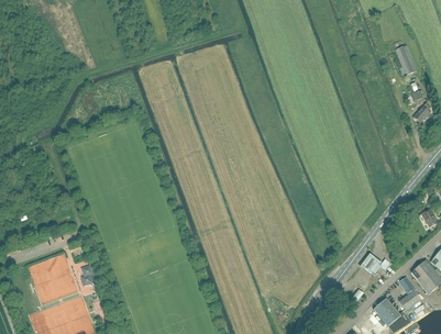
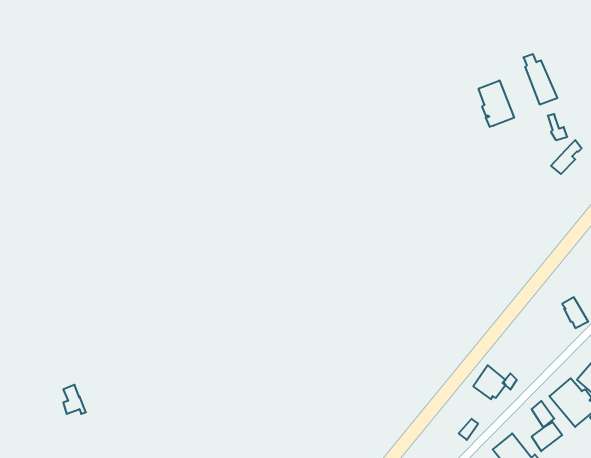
building: none -> [479,80,514,127]

